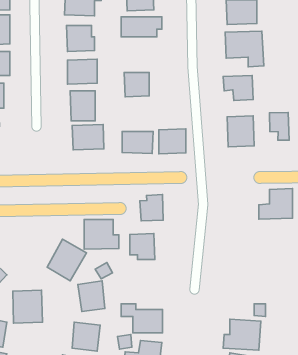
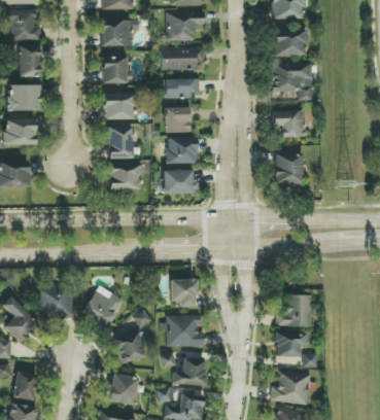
building: none -> [165,78,200,98]
building: [269,112,289,140] -> none
building: [159,129,186,154] -> [167,137,196,164]
building: [259,188,293,219] -> [275,294,311,327]
building: [140,194,163,221] -> none
building: [84,219,119,249] -> [167,315,204,347]
building: none -> [275,331,306,357]
building: [13,290,42,323] -> [40,285,72,320]

